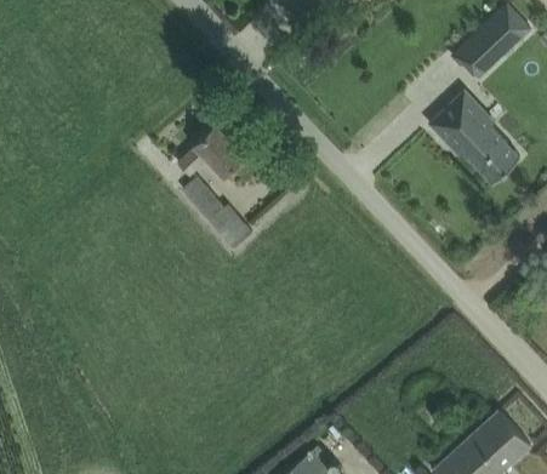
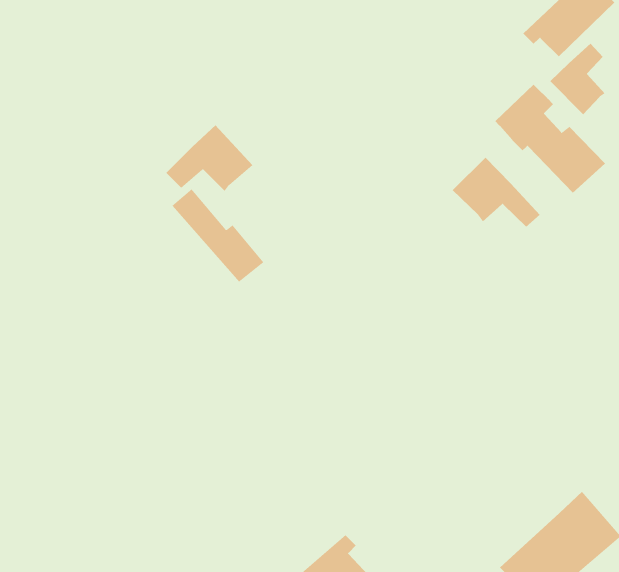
building: none -> [550,43,606,115]
building: none -> [452,157,540,227]

